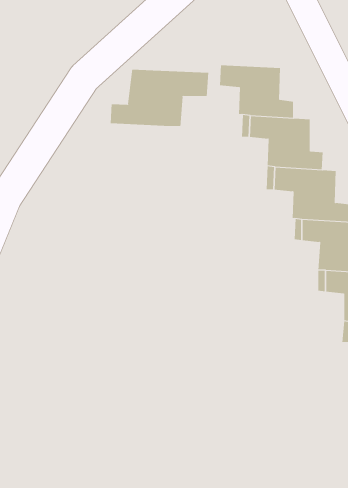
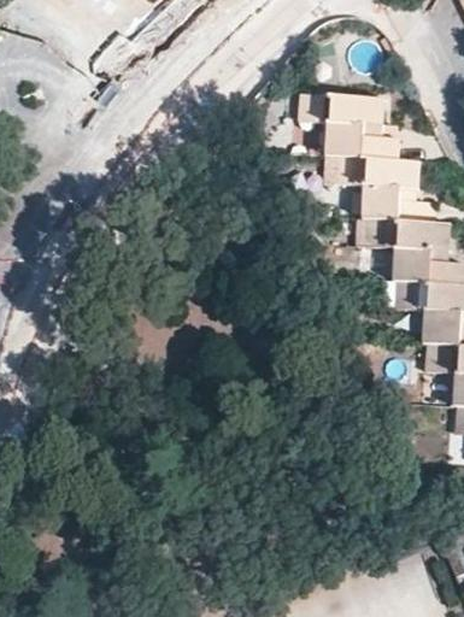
building: [110,69,209,127] -> none

